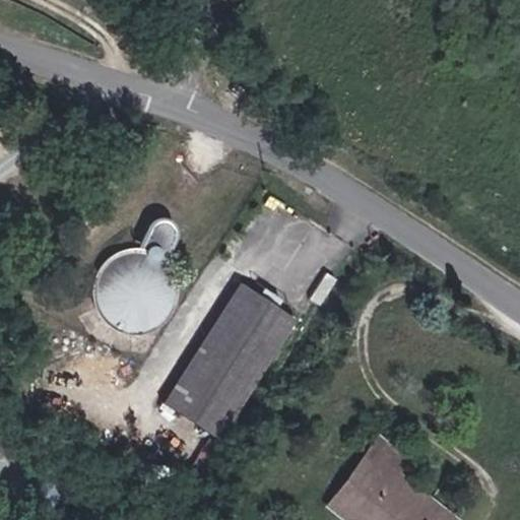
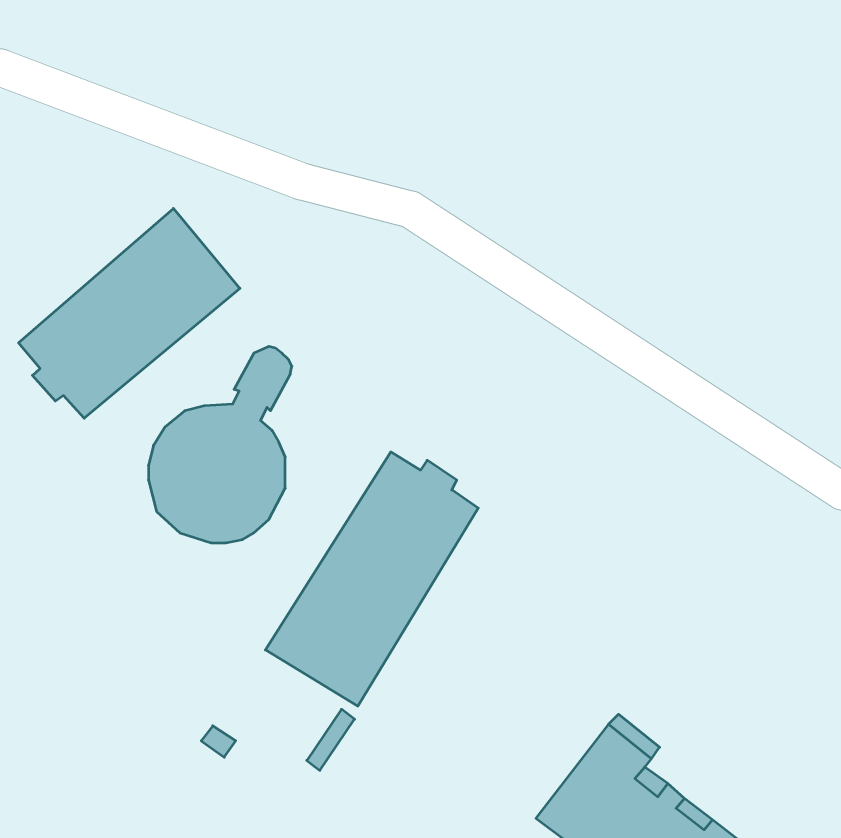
building: none -> [19,208,240,418]

